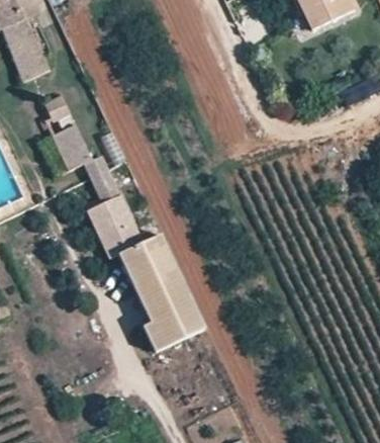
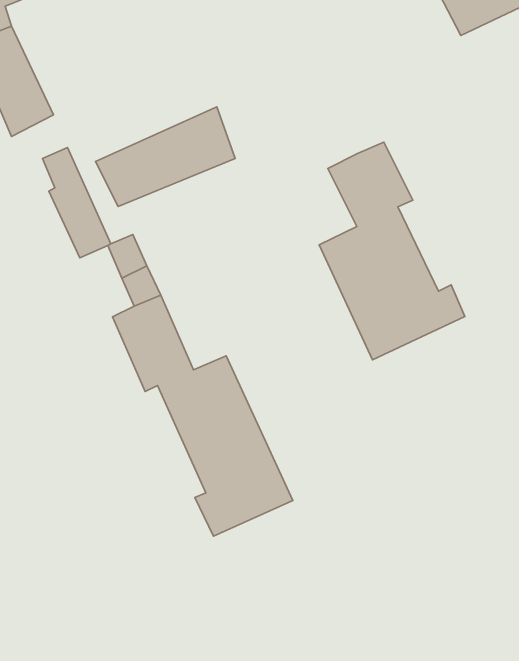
building: none -> [96,107,235,206]
building: none -> [319,142,465,360]

